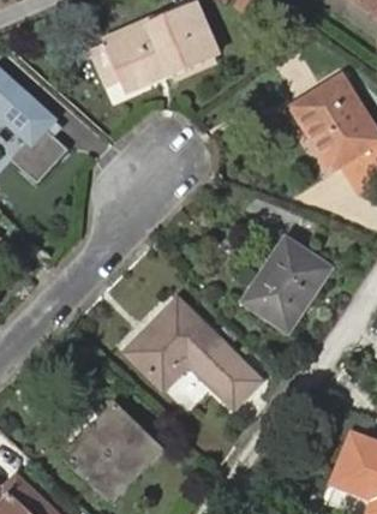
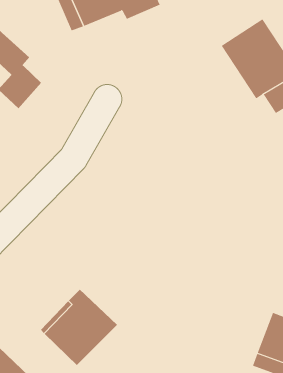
building: [246,239,328,327] -> none
building: [126,299,258,406] -> none

